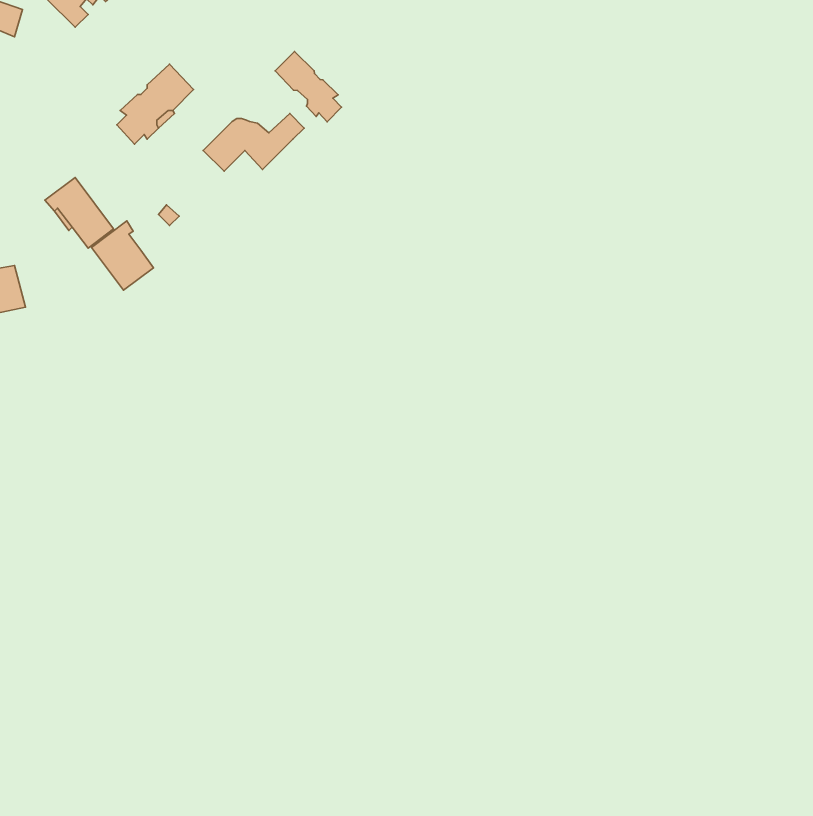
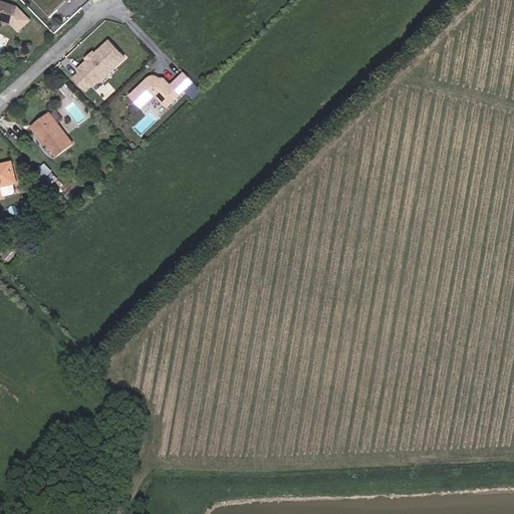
building: [275,51,341,122] -> none
building: [92,221,154,290] -> none

